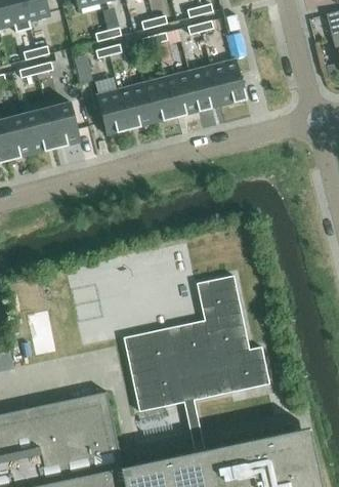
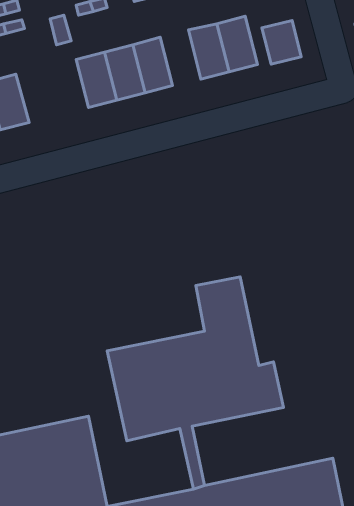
building: none -> [262,20,301,64]
building: [165,71,199,117] -> none
building: [45,102,80,148] -> none

